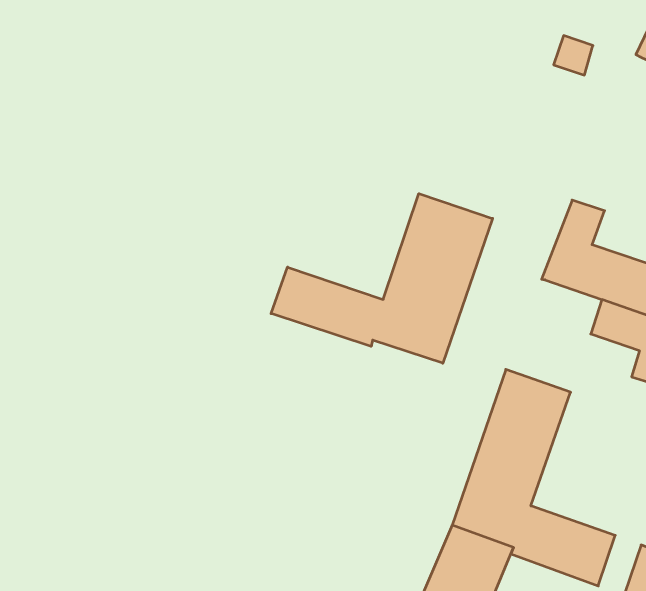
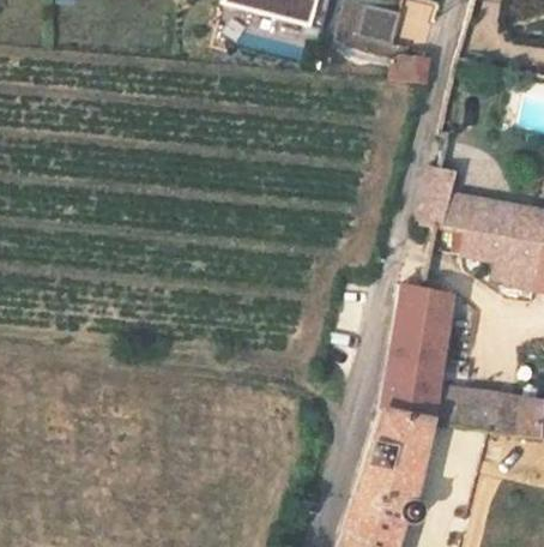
building: [271,194,493,363] -> none

